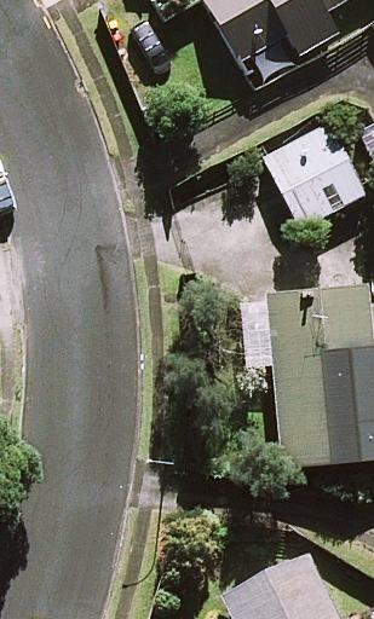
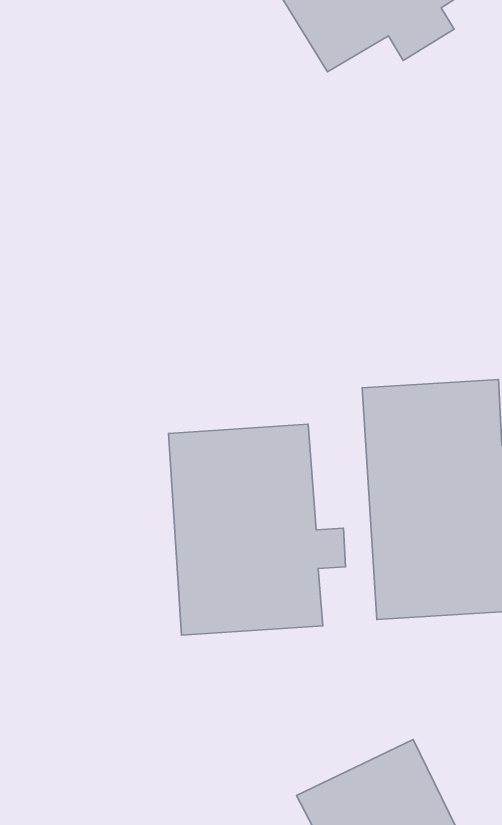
building: [260,122,366,230] -> none
building: none -> [169,424,346,635]

